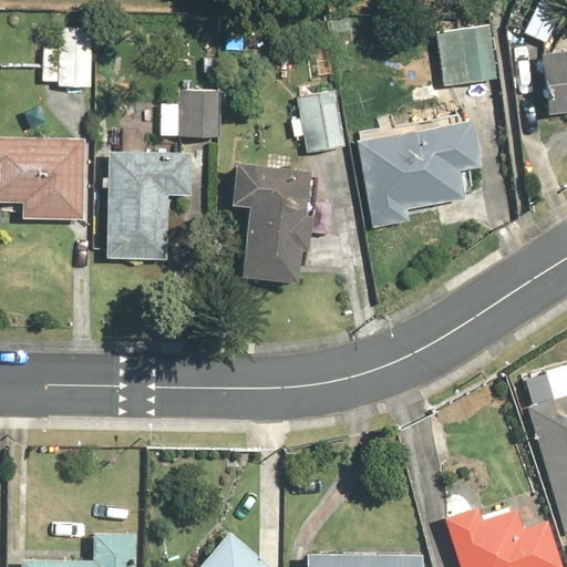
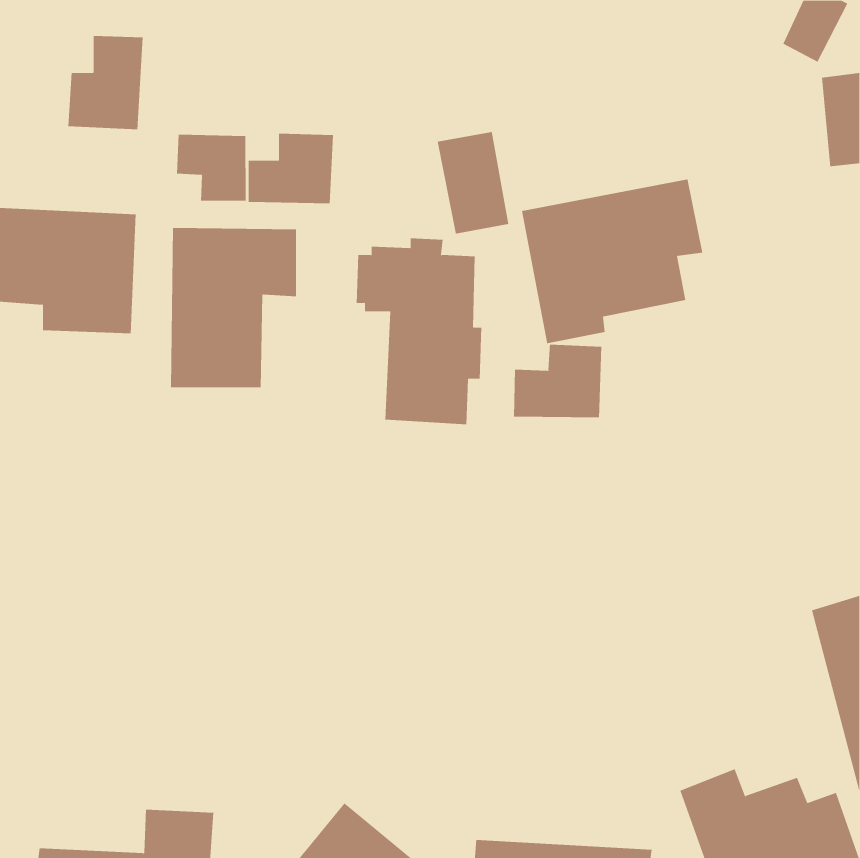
building: [427,24,488,87] -> none
building: none -> [177,134,246,202]
building: none -> [514,344,602,418]

